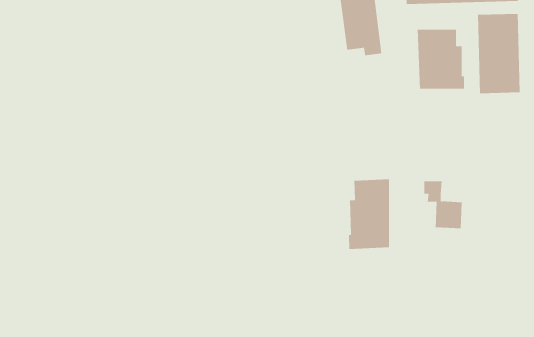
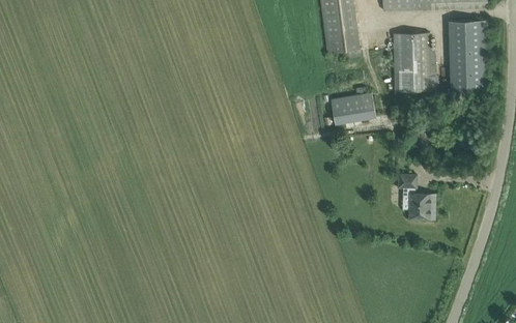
building: none -> [329,92,374,124]
building: [348,179,389,250] -> none

